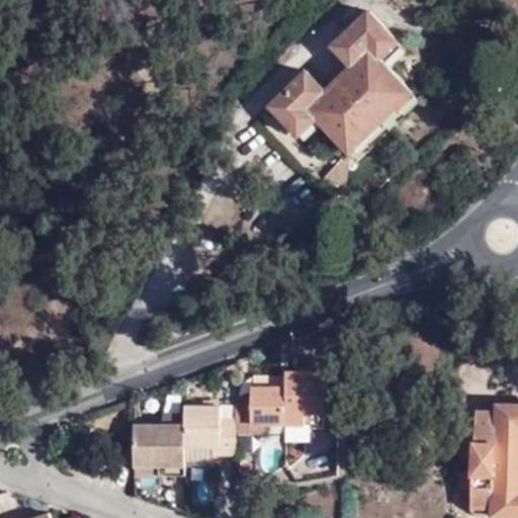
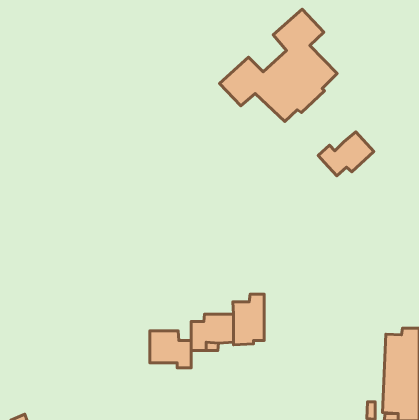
building: none -> [318,132,374,176]
building: [133,417,183,478] -> none

